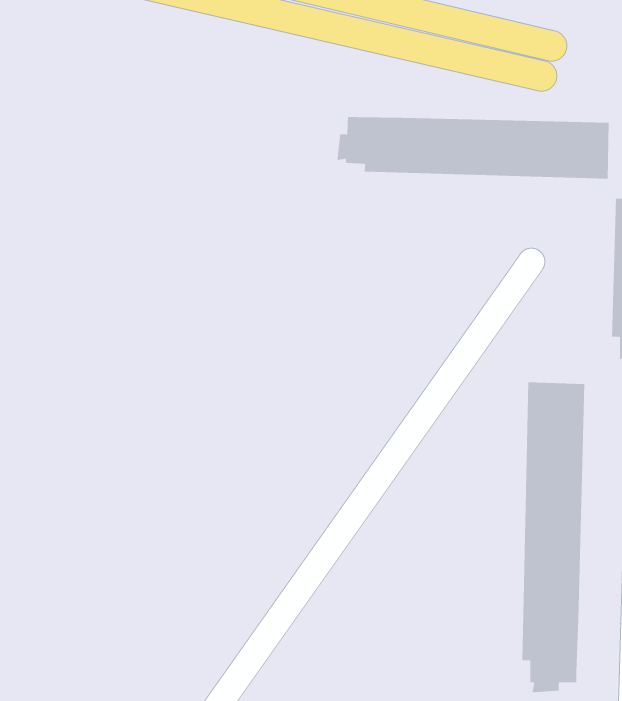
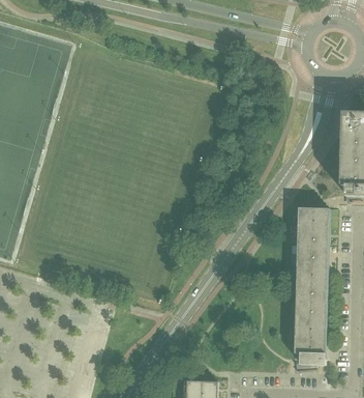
building: [336,116,610,179] -> none

